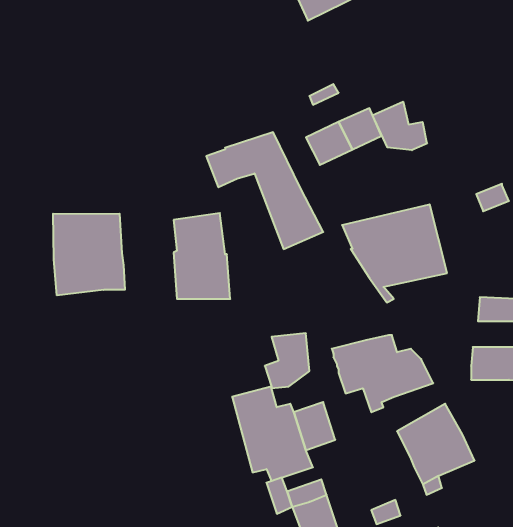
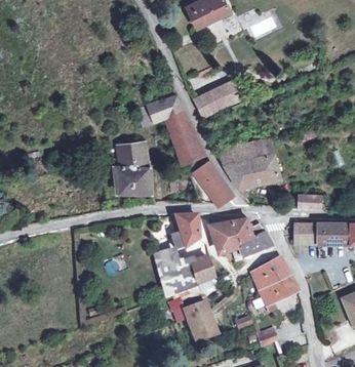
building: [373,102,427,150] -> none
building: [53,214,125,295] -> none
building: none -> [195,162,234,205]

